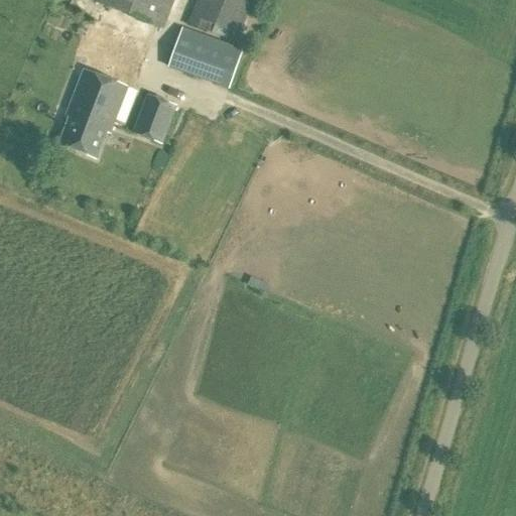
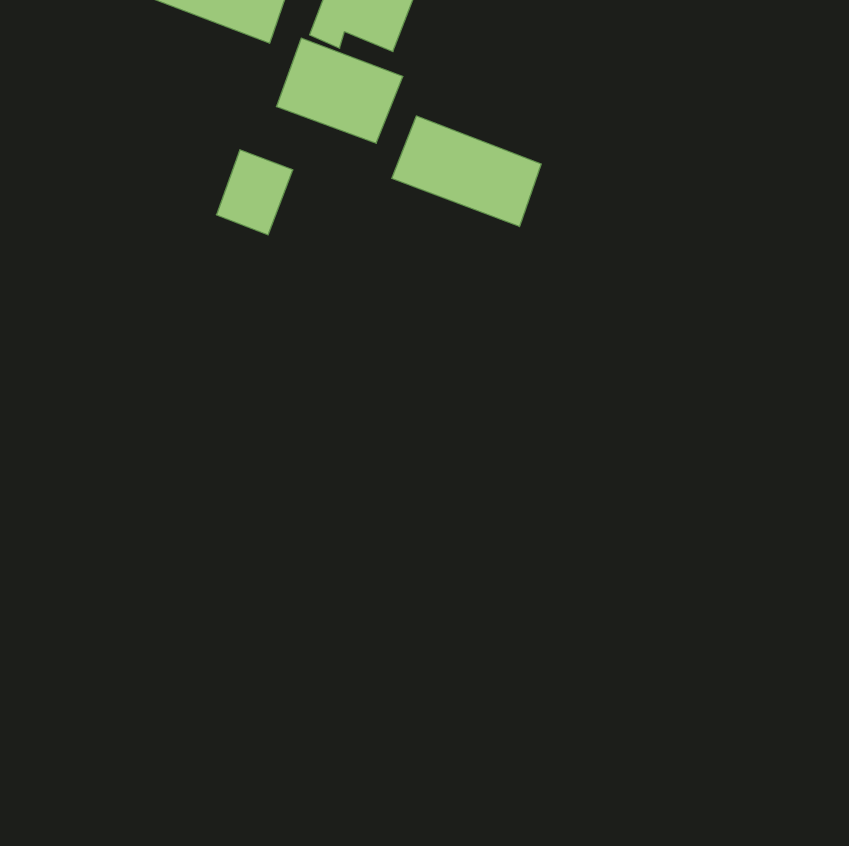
building: [58,68,128,155] -> none
building: none -> [392,116,541,227]

